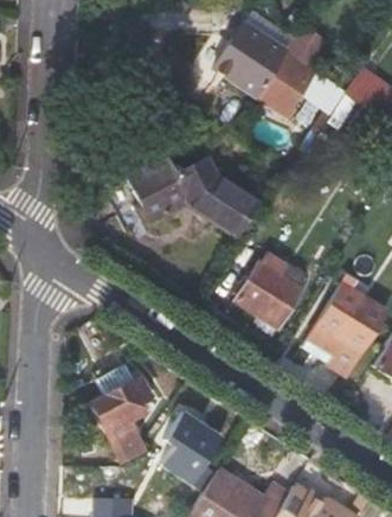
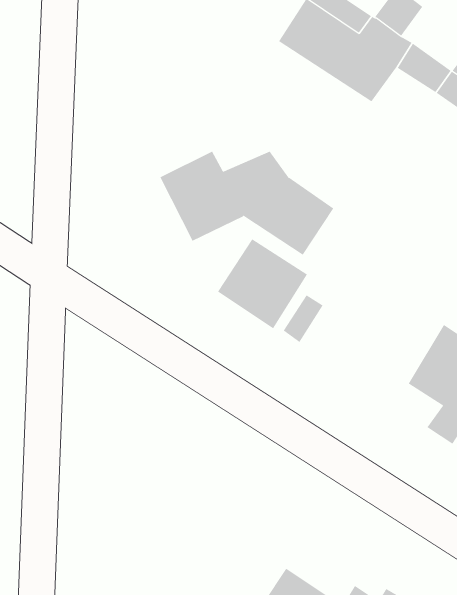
building: [236,261,304,330] -> [217,239,308,329]
building: [91,368,150,461] -> none
building: [165,411,225,484] -> none

